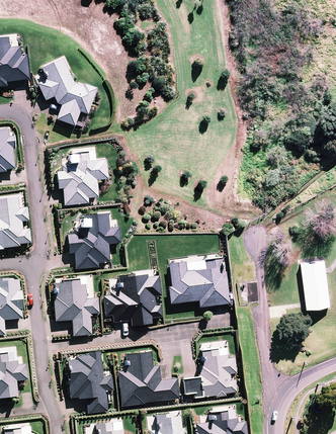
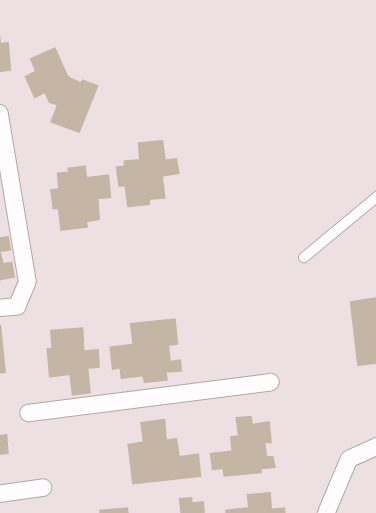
building: [68,213,119,267] -> [115,140,181,208]
building: [168,257,228,306] -> none
building: [66,350,110,412] -> none

